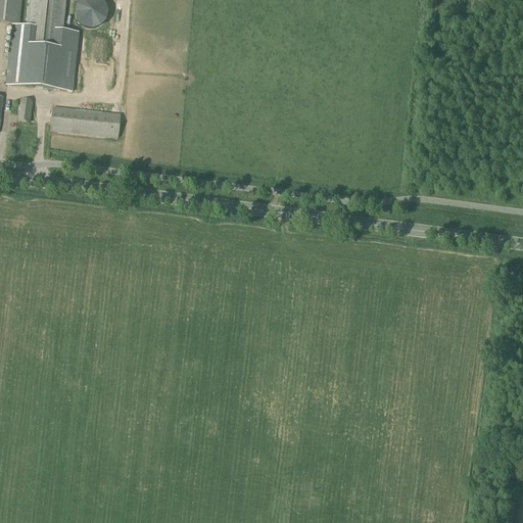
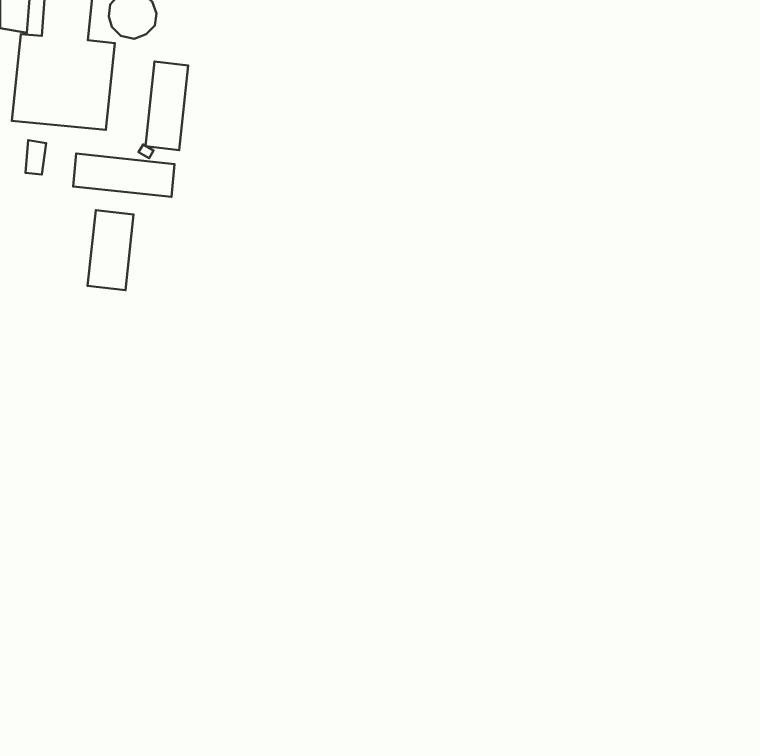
building: none -> [146,61,188,150]
building: none -> [88,210,133,290]

